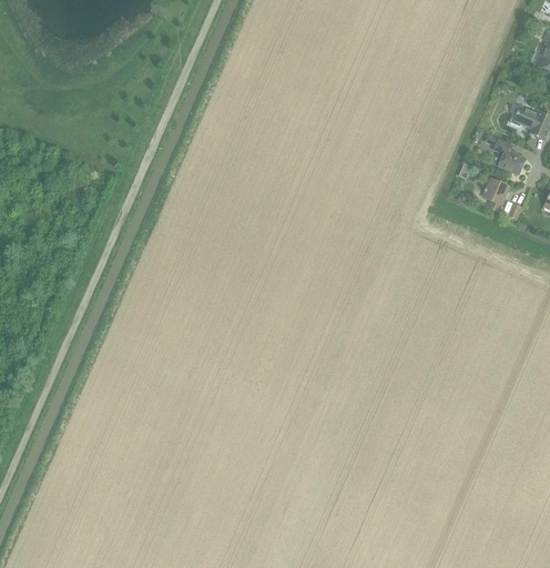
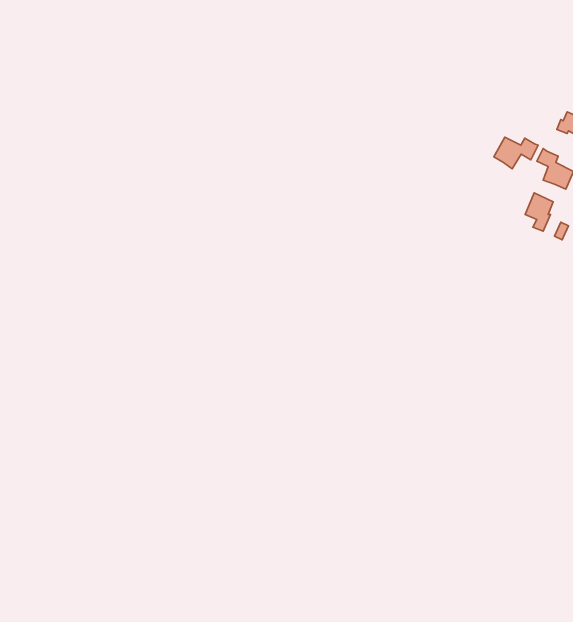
building: none -> [494,137,538,169]

